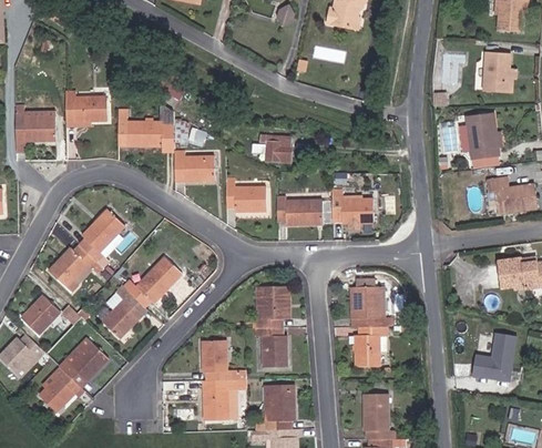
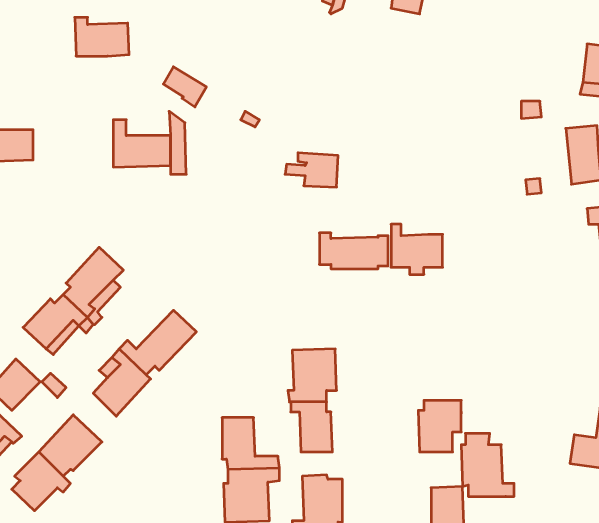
building: [65,91,108,121] -> [75,17,129,56]
building: [174,150,215,181] -> none
building: [226,177,266,211] -> none
building: [352,277,393,326] -> [461,433,514,496]

